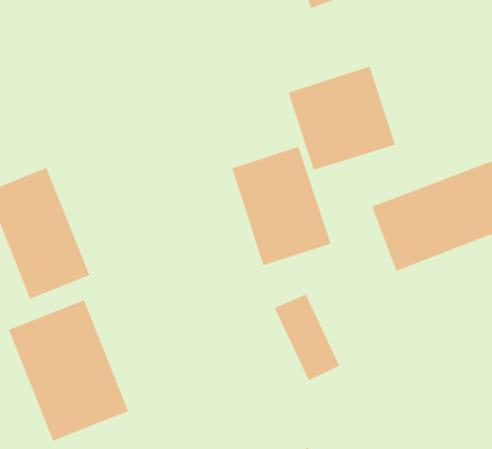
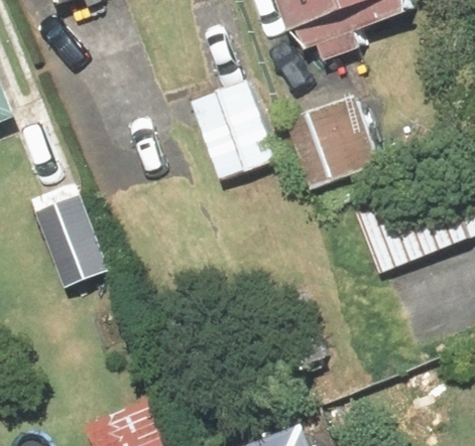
building: [231,146,331,266] -> [190,77,276,180]
building: [8,299,129,442] -> none

